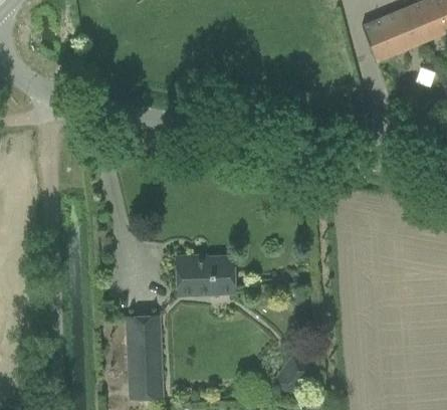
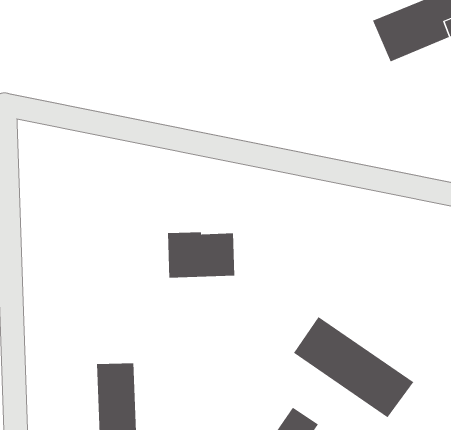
building: [177,255,234,294] -> [167,232,235,278]
building: none -> [293,316,414,418]

